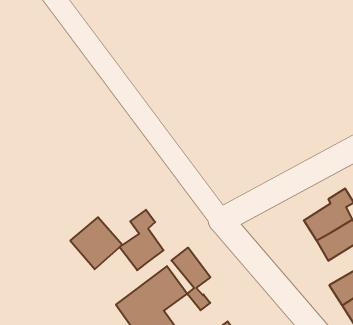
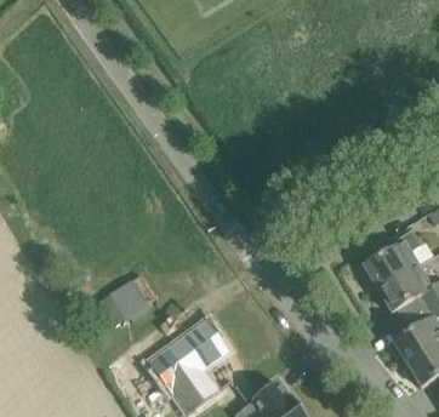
building: [120,210,164,270] -> none
building: [171,248,210,310] -> none

